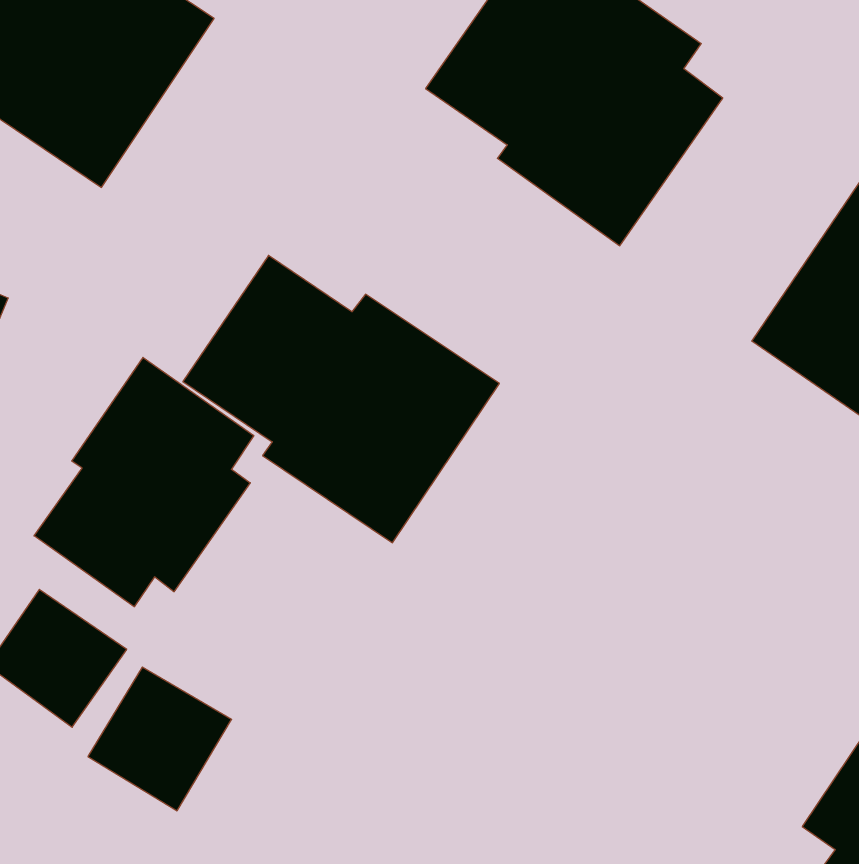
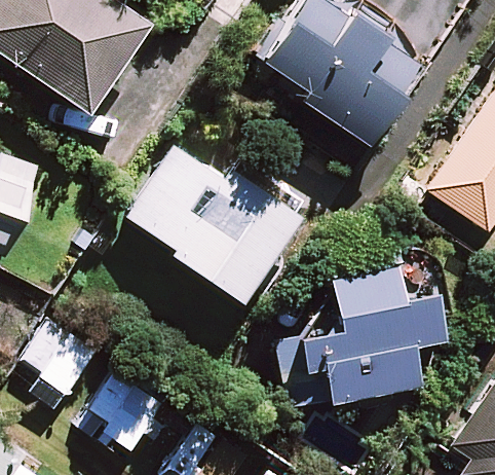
building: [34,357,254,607] -> none
building: none -> [287,259,446,408]

